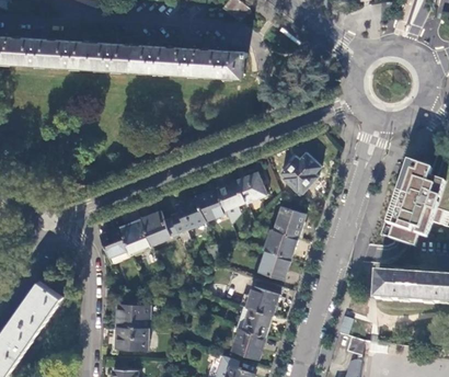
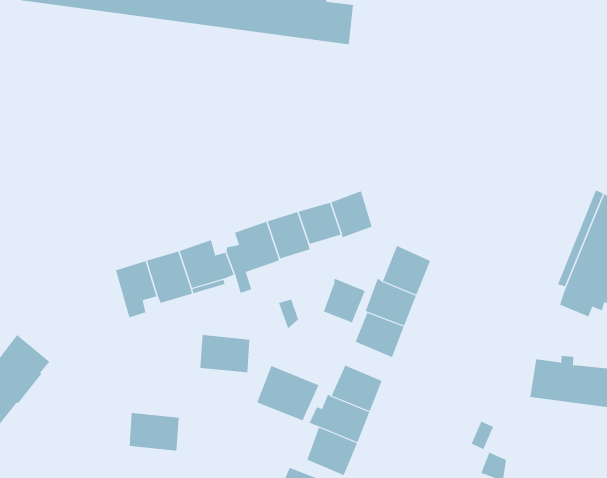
building: [280,152,320,193] -> none
building: none -> [323,278,365,323]
building: none -> [257,365,319,421]
building: [116,305,148,328] -> [200,335,250,373]

